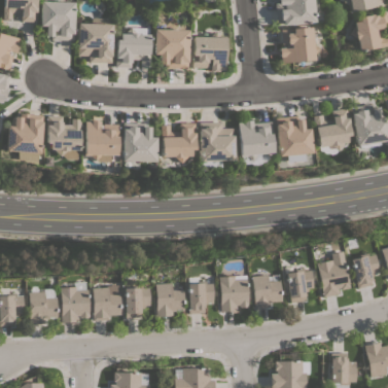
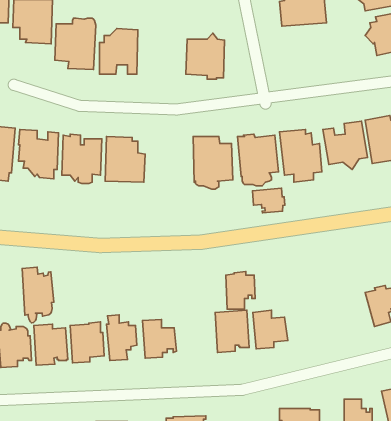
building: [281,28,320,64] -> none
building: [154,29,190,70] -> none
building: [162,124,197,165] -> none
building: none -> [252,188,285,213]
building: none -> [22,267,54,323]
building: [317,252,351,297] -> none
building: [287,269,313,303] -> none
building: [188,281,214,314] -> [226,272,255,309]

